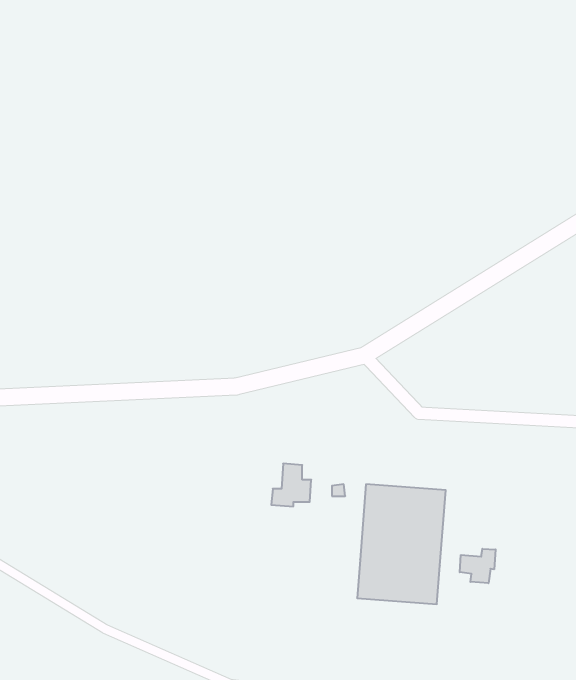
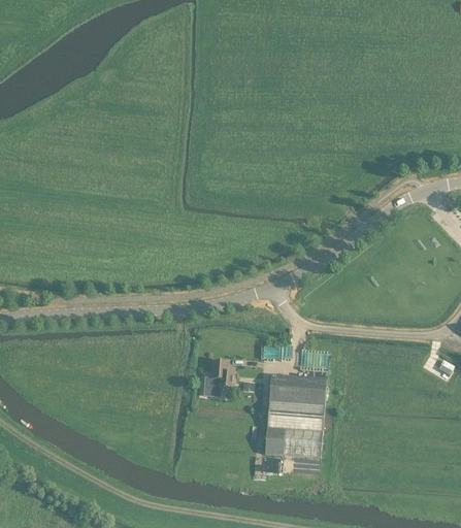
building: [460,549,496,583] -> none

